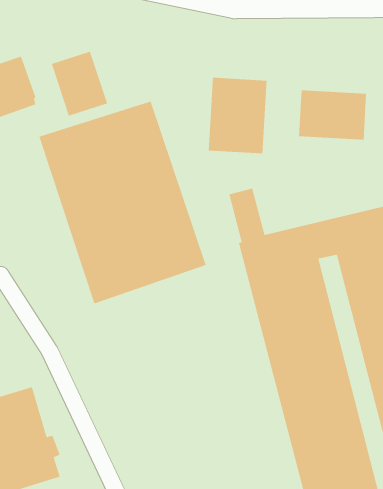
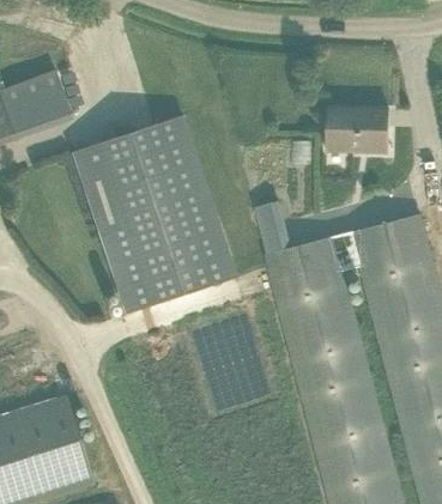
building: [51,51,108,117] -> none
building: [208,77,267,154] -> none

